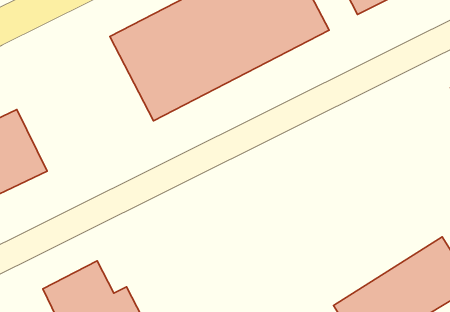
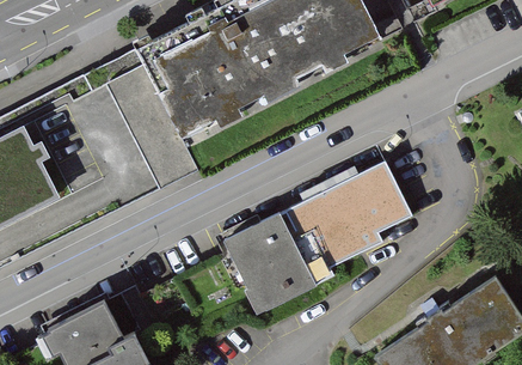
building: none -> [229,160,419,311]

